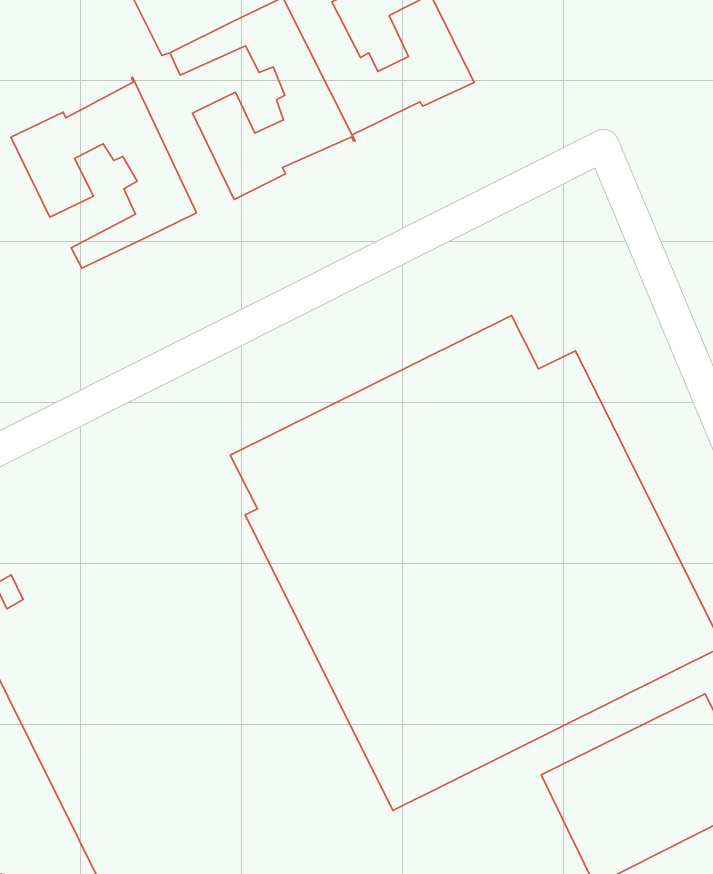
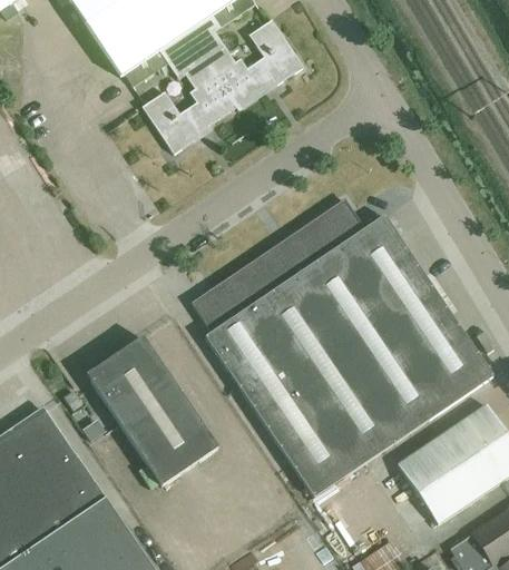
building: [11,77,196,268] -> none
building: none -> [86,336,218,487]

